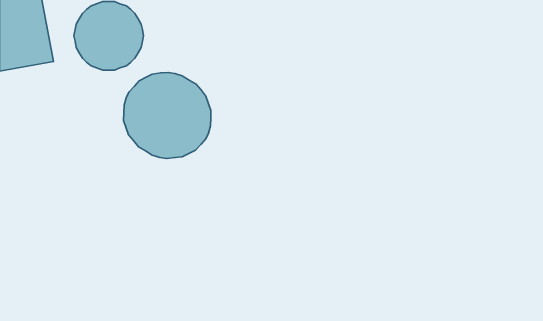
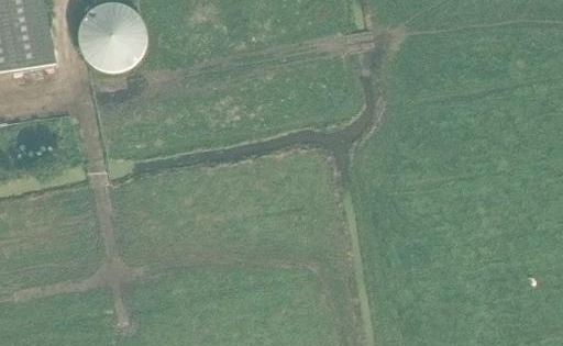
building: [124,72,211,159] -> none

